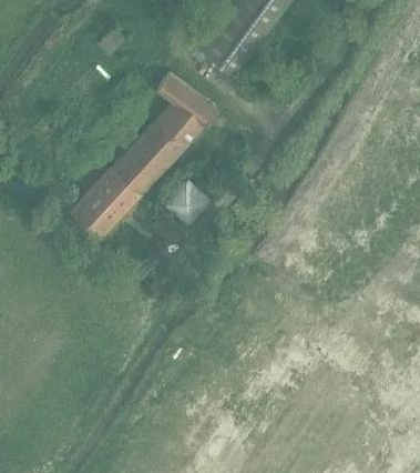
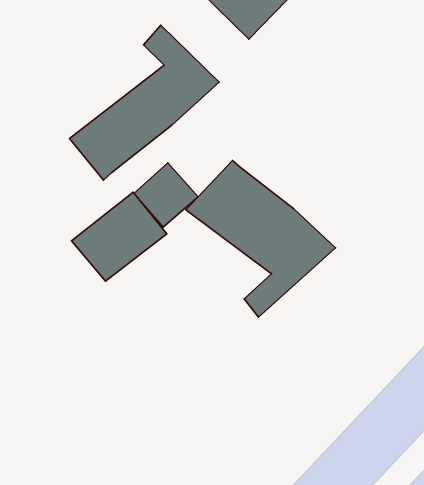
building: none -> [186,160,335,317]
building: [66,170,137,240] -> [72,192,167,281]

